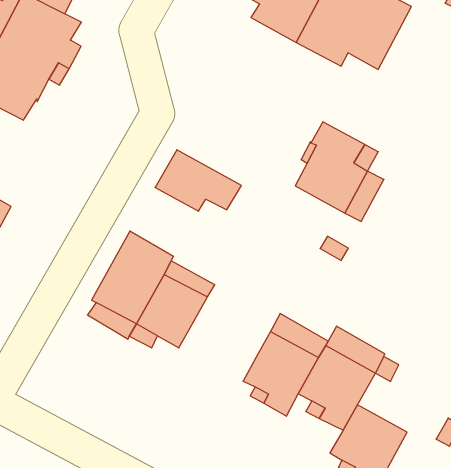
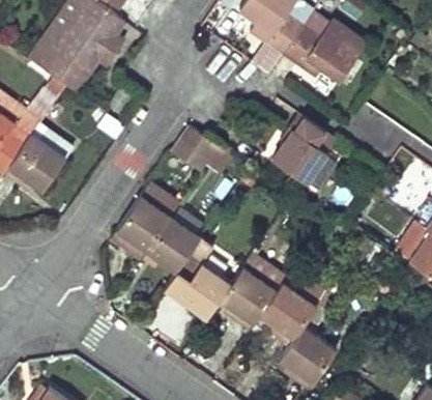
building: none -> [164,254,231,318]

